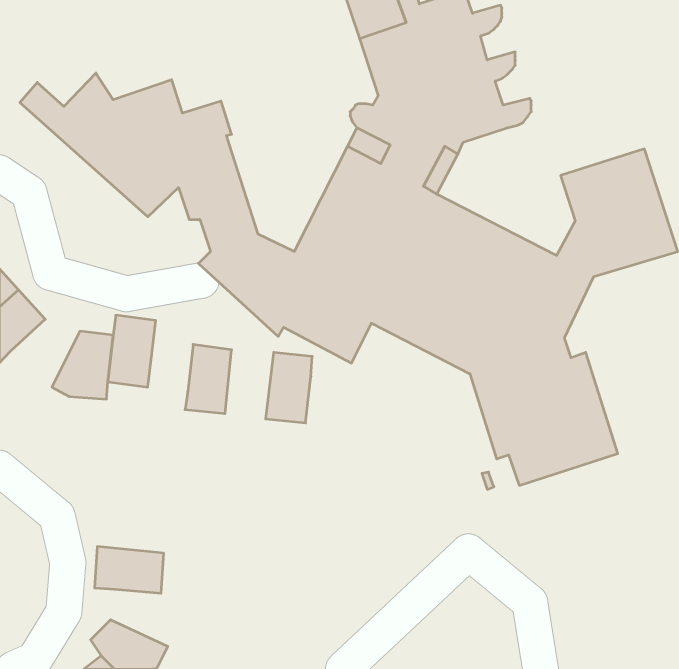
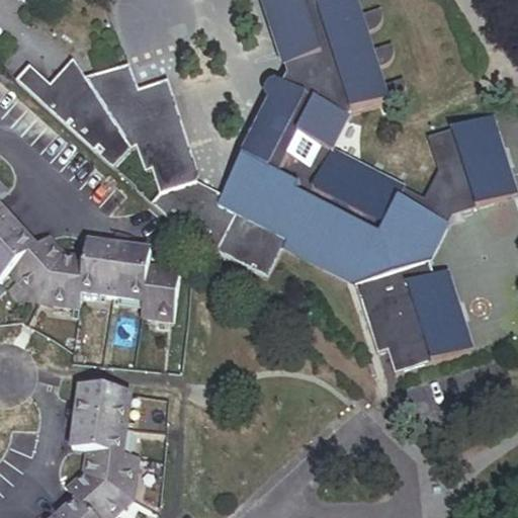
building: none -> [8,235,61,294]
building: [266,352,312,423] -> [112,244,148,297]
building: none -> [74,387,127,421]
building: none -> [84,448,138,492]

